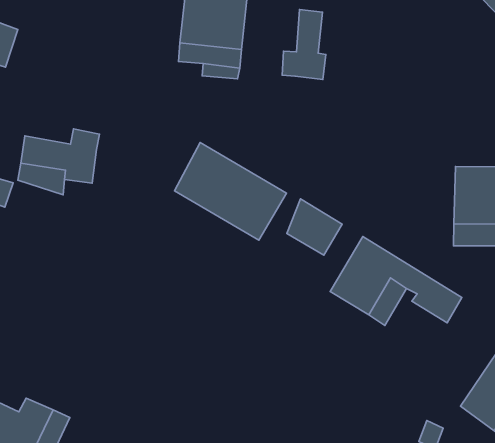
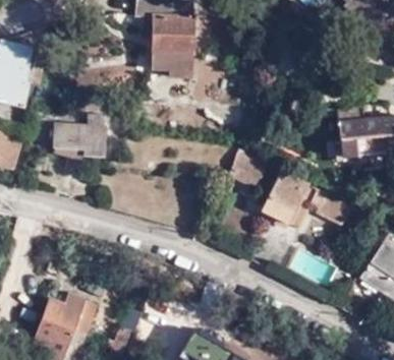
building: [282,10,326,80] -> none
building: [174,143,287,240] -> none

